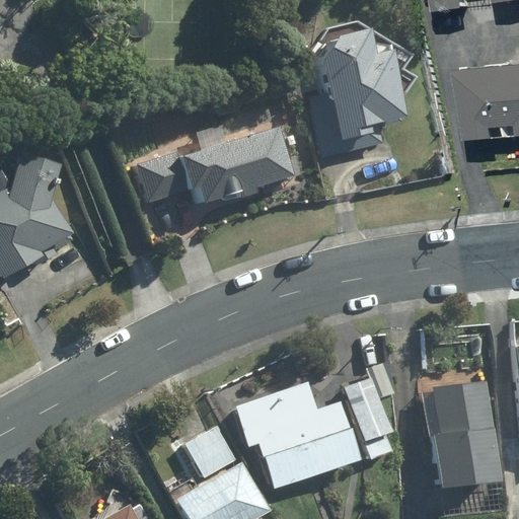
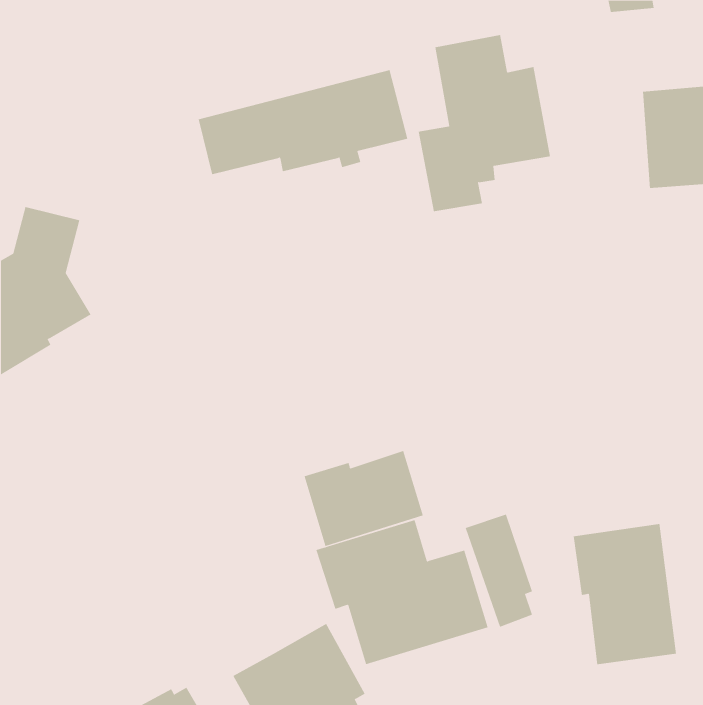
building: [137,127,291,204] -> [198,69,408,175]
building: none -> [304,450,423,547]
building: [182,425,238,480] -> none

